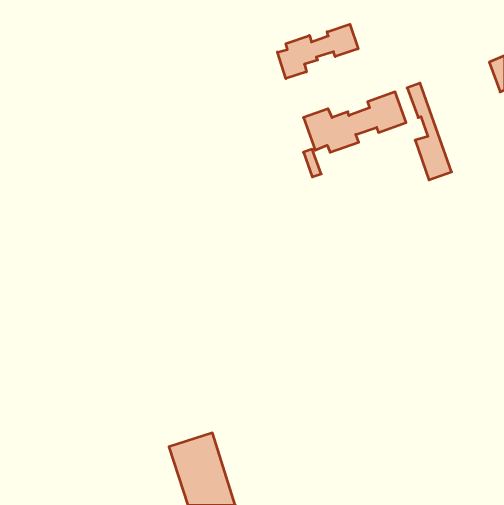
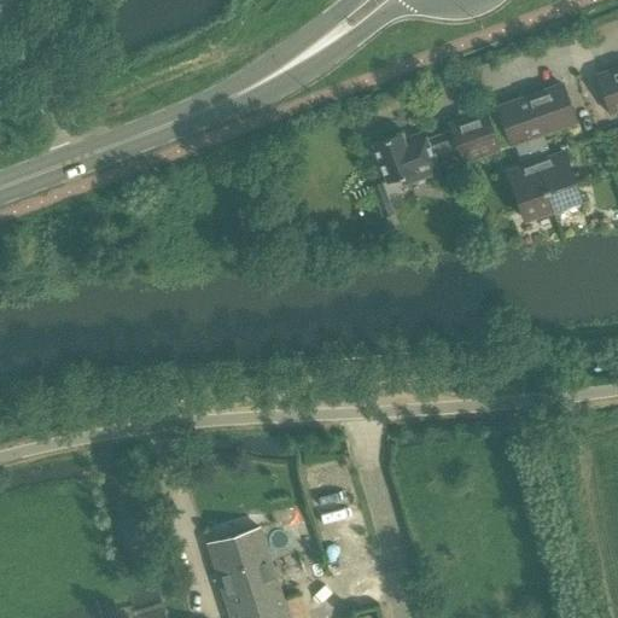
building: [277,24,358,79] -> none
building: none -> [514,84,581,210]

